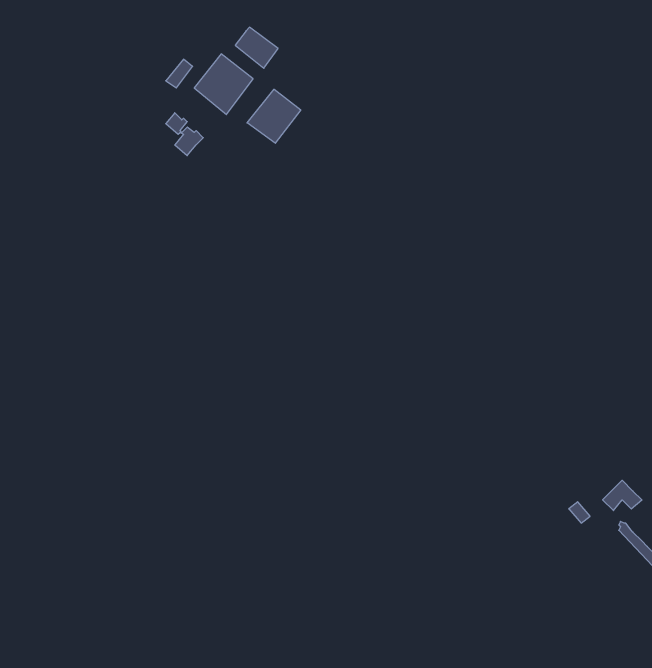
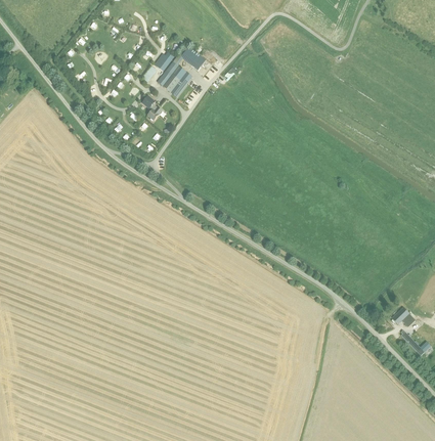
building: [247,89,301,143] -> none

